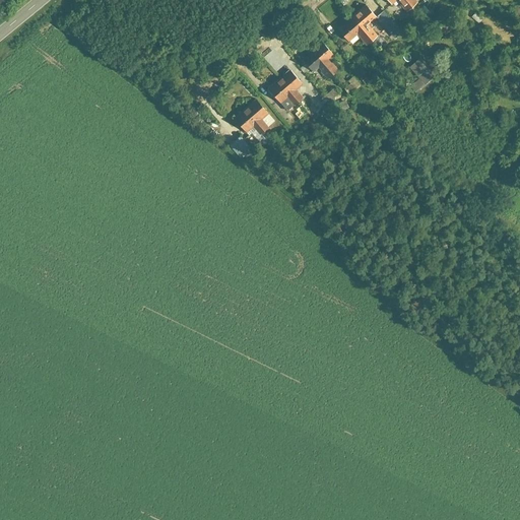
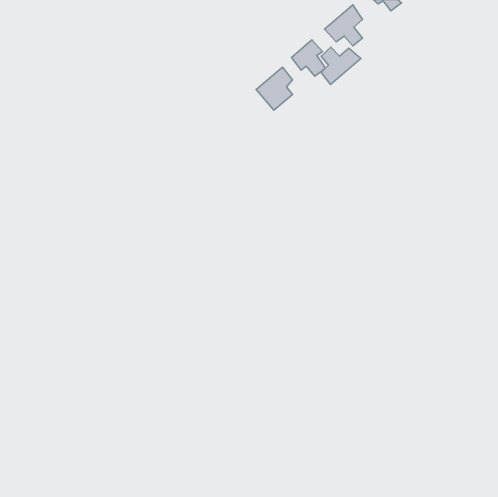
building: none -> [321,47,361,85]
building: [236,99,270,135] -> none

